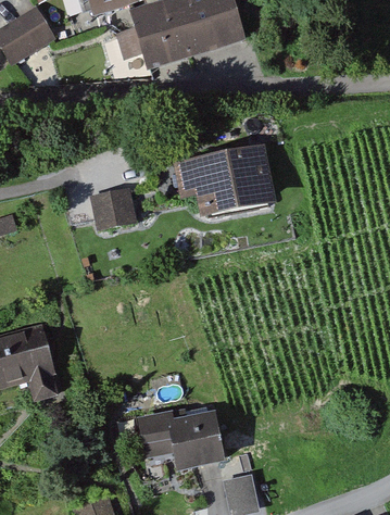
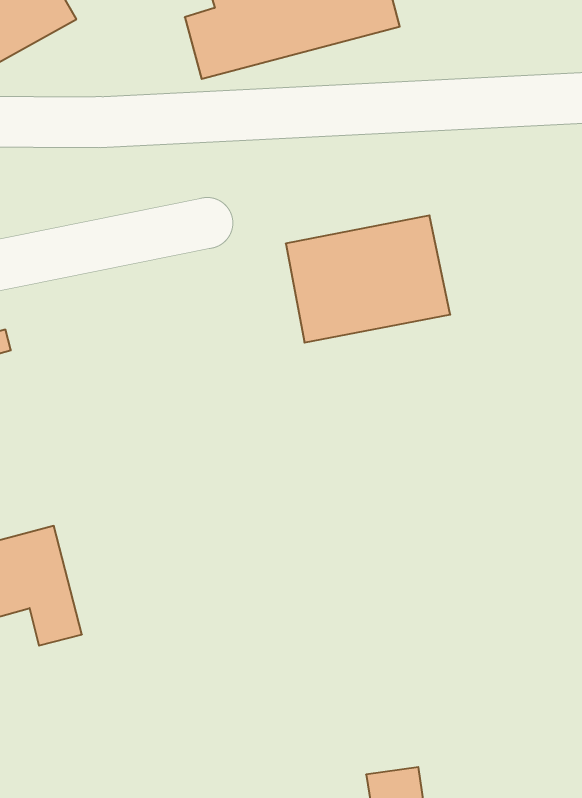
building: [91,191,135,233] -> none
building: [138,403,224,472] -> none

